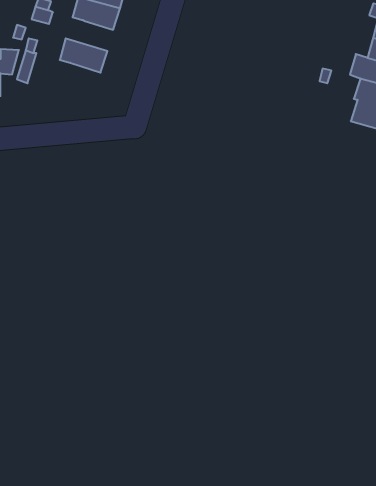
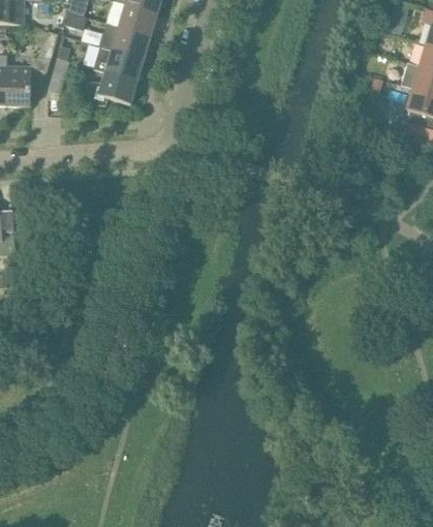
building: none -> [100,24,151,57]
building: none -> [86,69,137,103]

